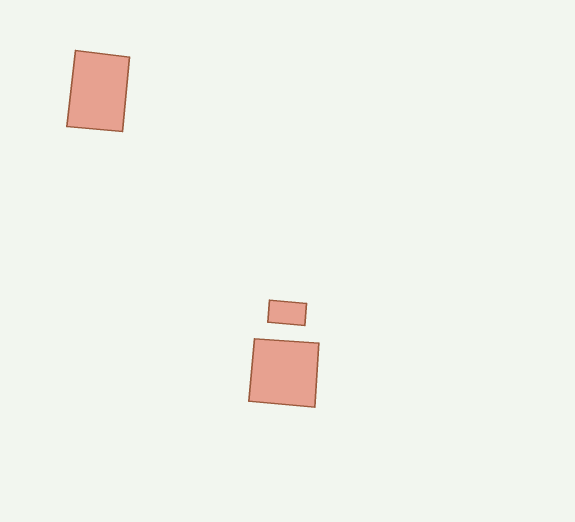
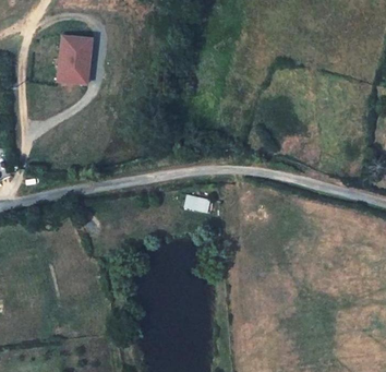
building: [249,339,319,407] -> none

